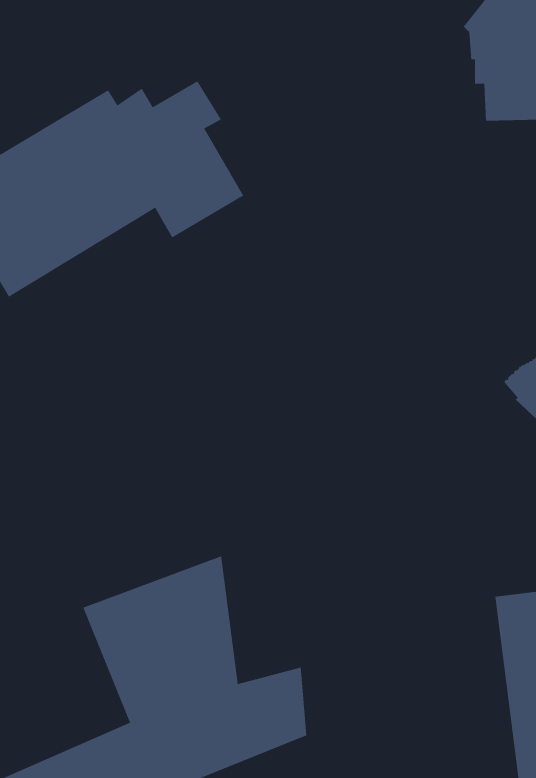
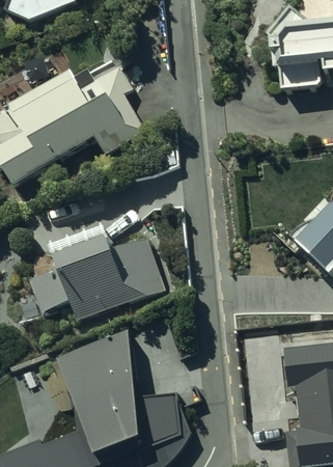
building: none -> [29,237,167,321]

